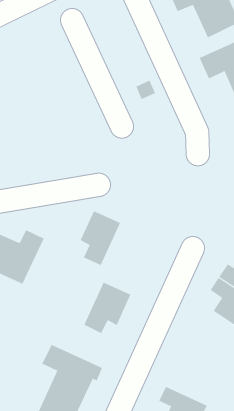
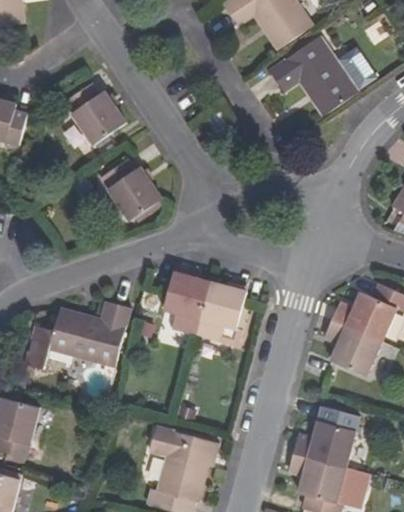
building: none -> [59,88,121,148]
building: none -> [96,163,158,224]
building: [84,282,131,334] -> [199,273,247,332]
building: none -> [294,416,355,463]

